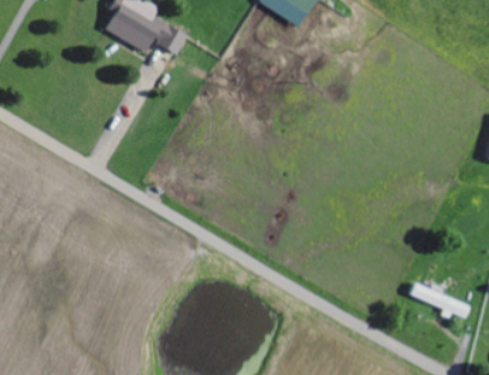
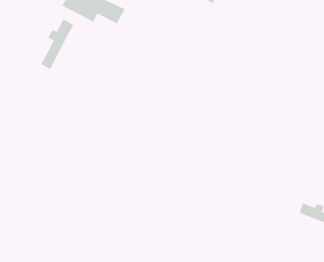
building: none -> [40,18,74,70]

